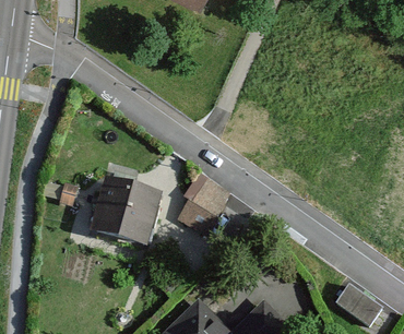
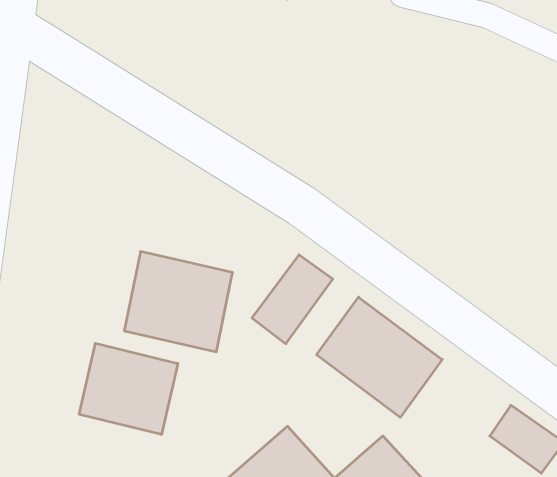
building: none -> [317,297,442,417]
building: none -> [79,343,178,435]

